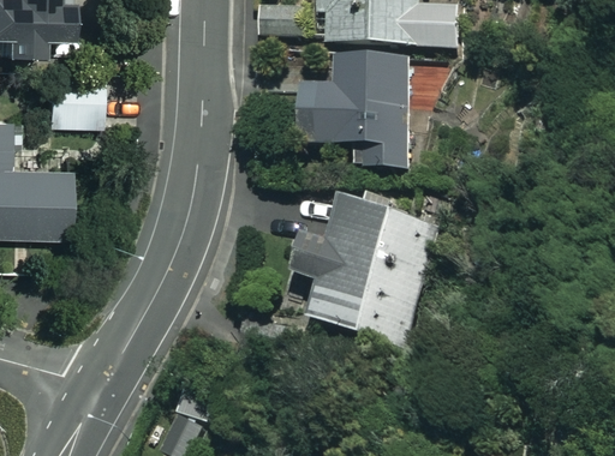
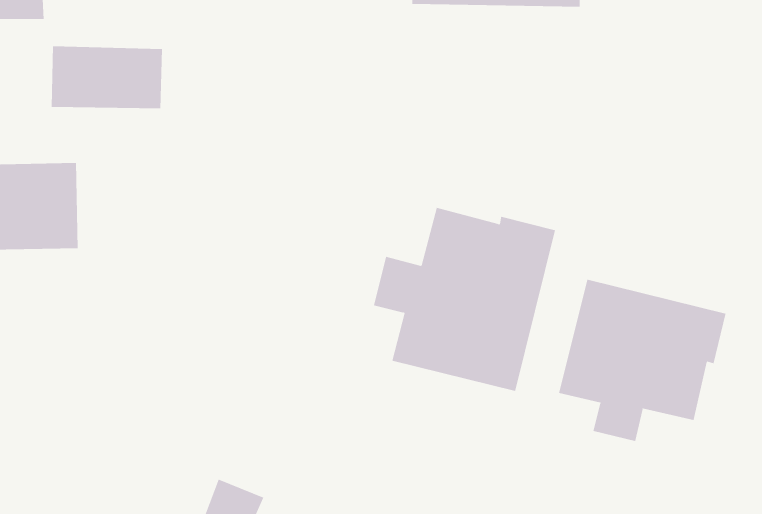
building: [299,55,426,167] -> none
building: none -> [559,279,726,442]

